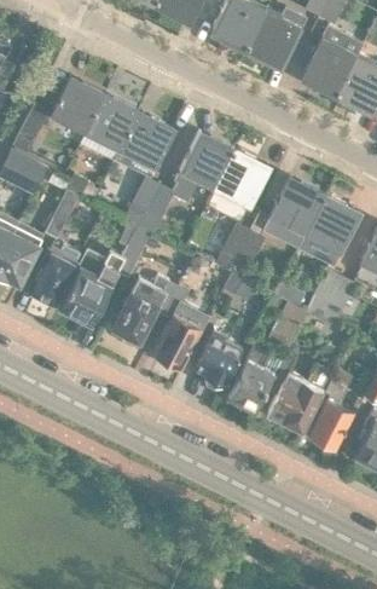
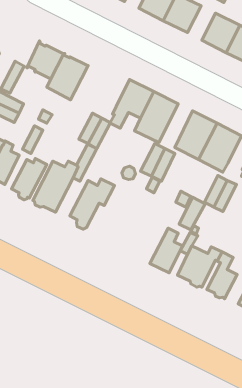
building: [114,112,173,180] -> none
building: [152,285,207,368] -> none
building: [192,331,243,391] -> none

